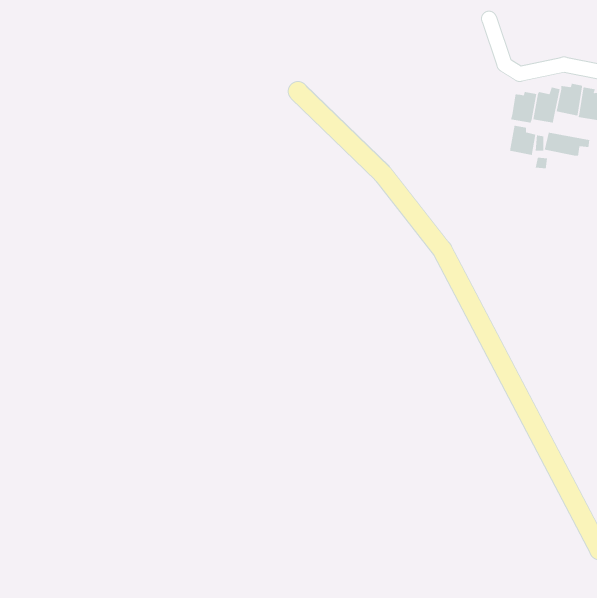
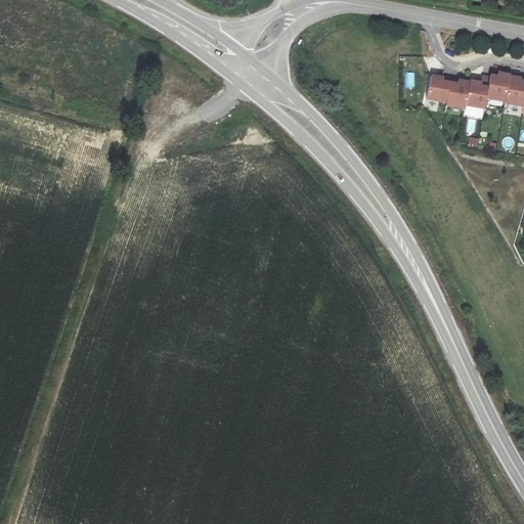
building: [509,125,536,156] -> [428,74,451,100]
building: [544,132,590,156] -> none

